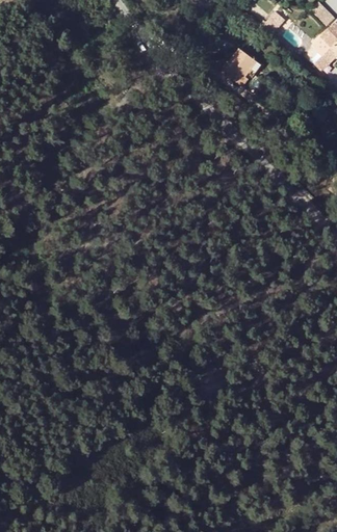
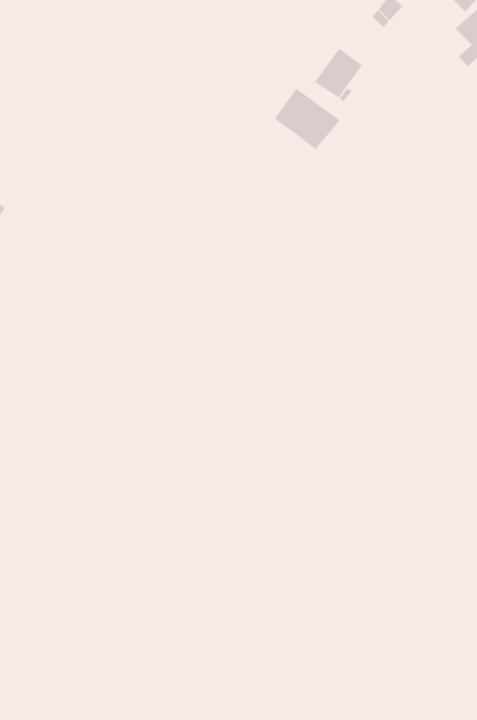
building: none -> [274,88,340,150]

